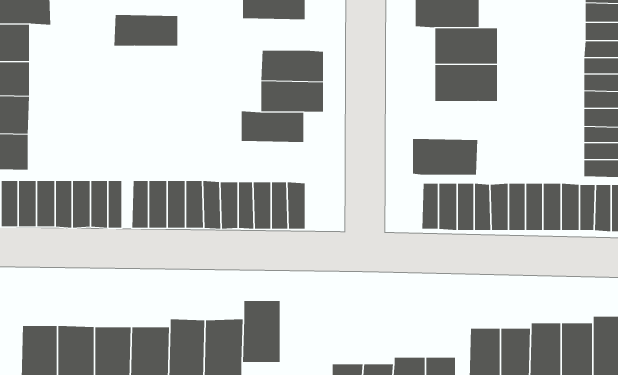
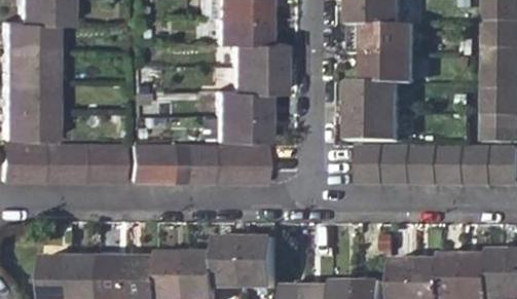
building: [113,14,178,46] -> [219,18,269,43]
building: none -> [353,83,404,113]
building: none -> [219,114,268,140]
building: none -> [250,238,278,287]

